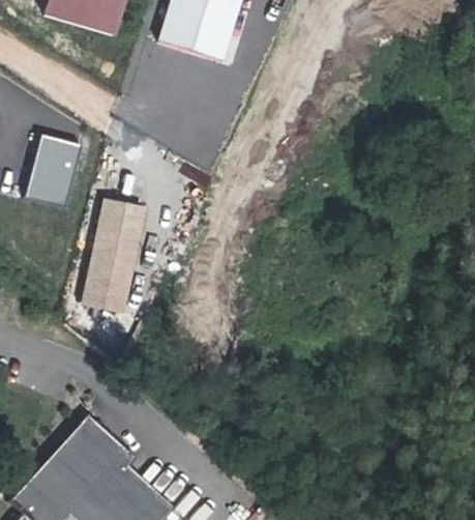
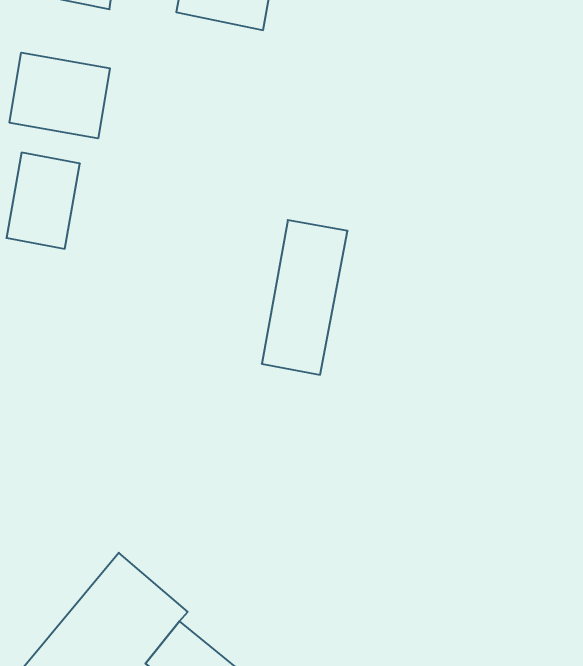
building: none -> [10,53,110,138]
building: [82,197,148,307] -> [262,220,348,375]

